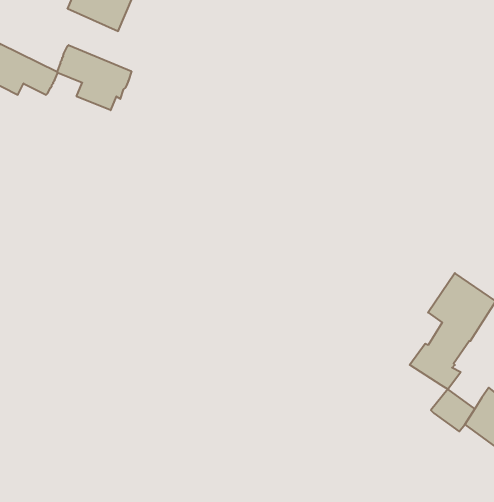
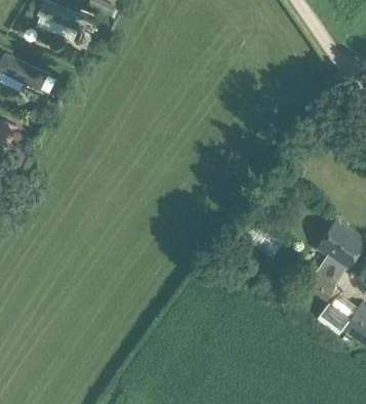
building: [57,45,131,110] -> none

